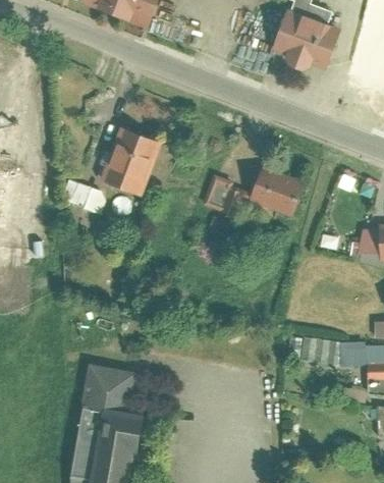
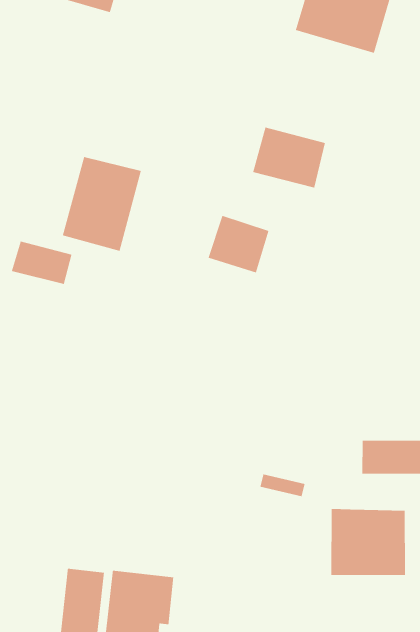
building: [248,169,299,214] -> [252,127,326,188]
building: [90,362,143,412] -> none
building: none -> [331,508,406,576]

